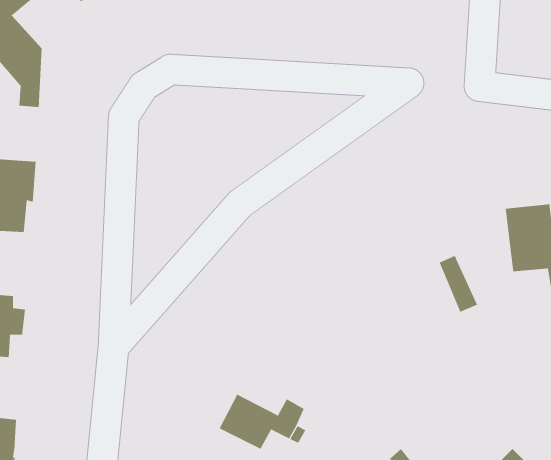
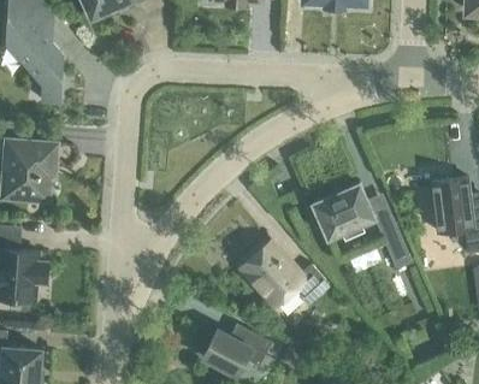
building: none -> [307,183,374,238]
building: none -> [241,241,329,306]

